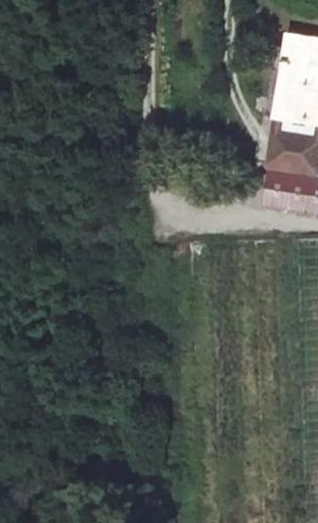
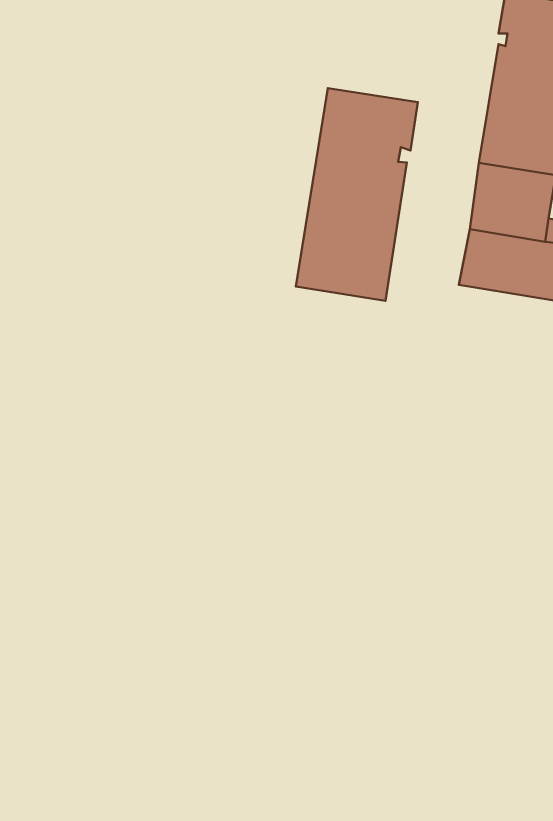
building: none -> [296,88,418,301]

